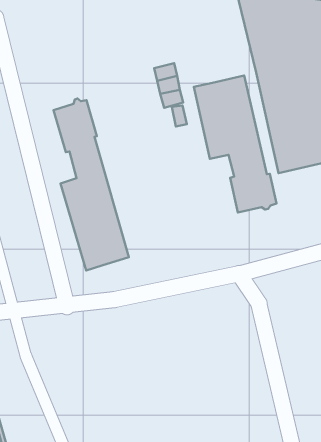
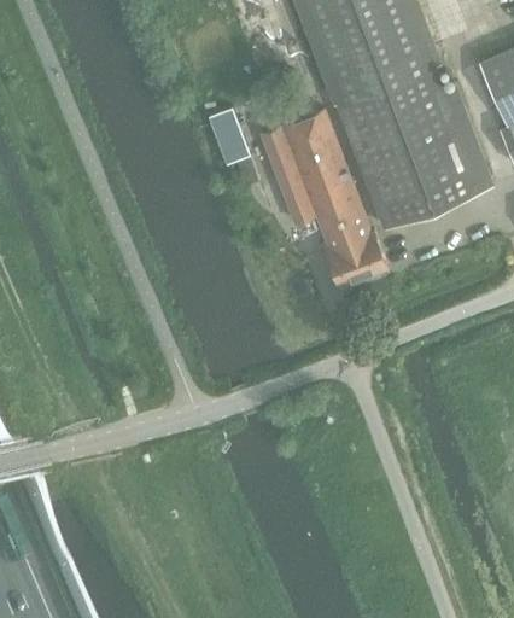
building: [54,99,129,271] -> none

